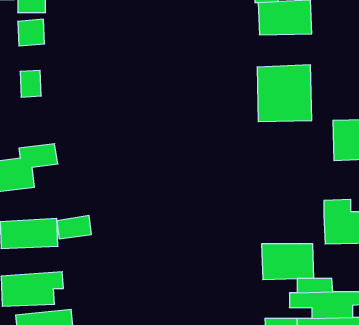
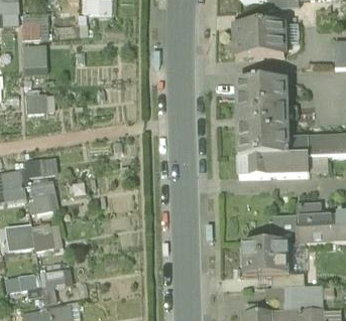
building: none -> [239,134,308,171]
building: none -> [276,219,300,246]
building: [57,215,91,239] -> [26,192,57,213]

